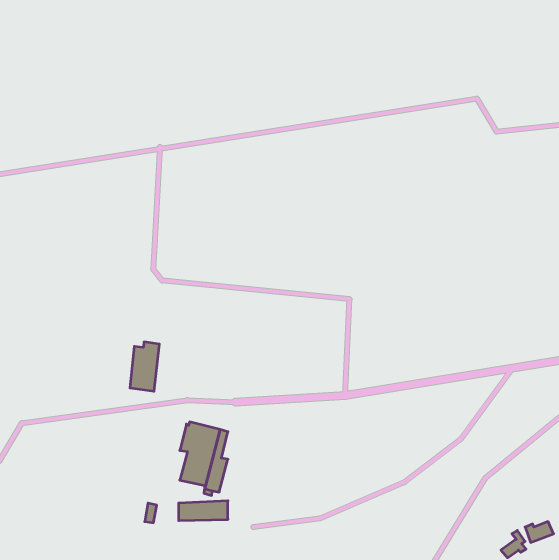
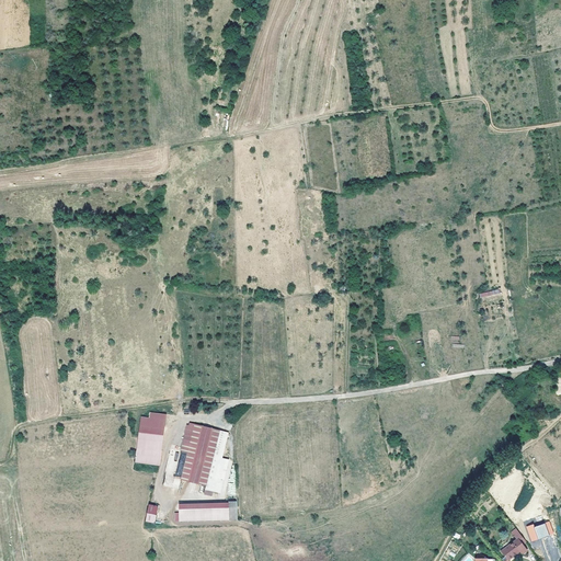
building: [130,342,159,391] -> [135,412,164,461]

